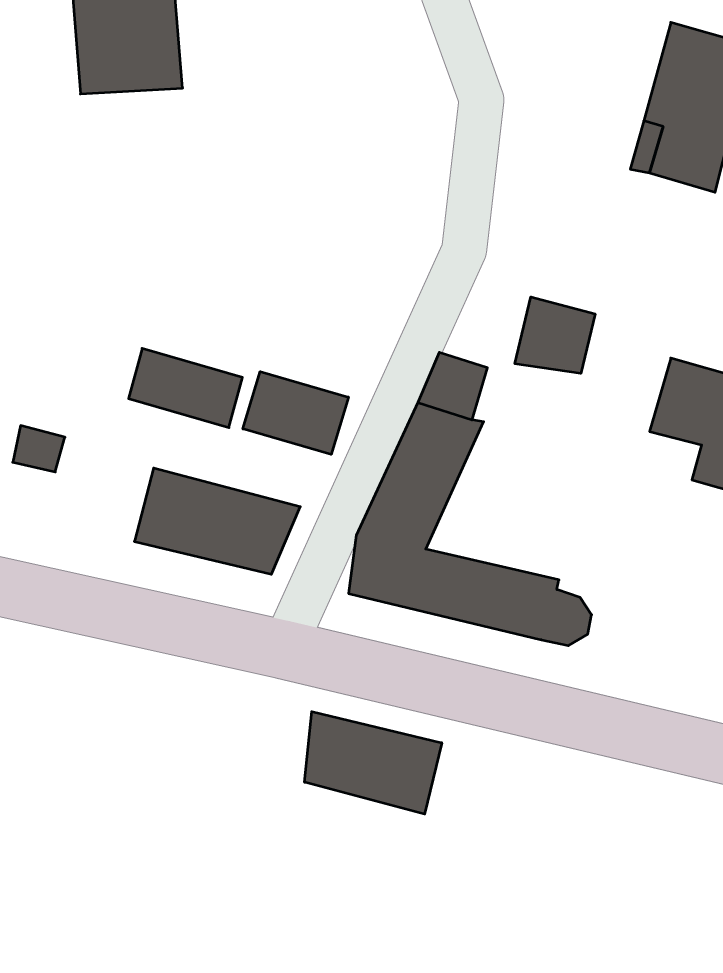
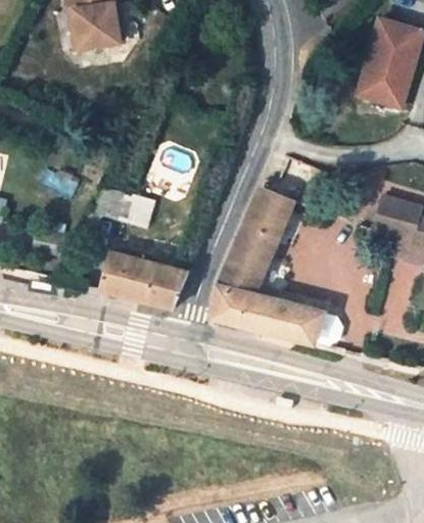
building: [515,297,595,373] -> none
building: [243,372,348,454] -> none
building: [305,712,442,814] -> none

